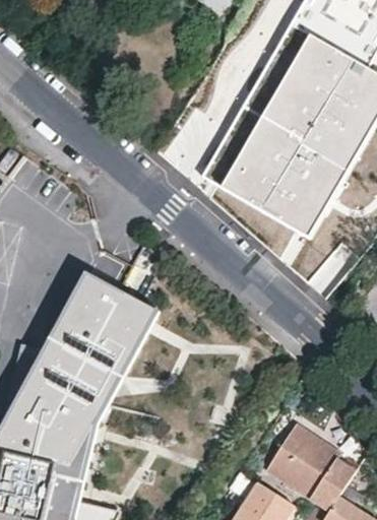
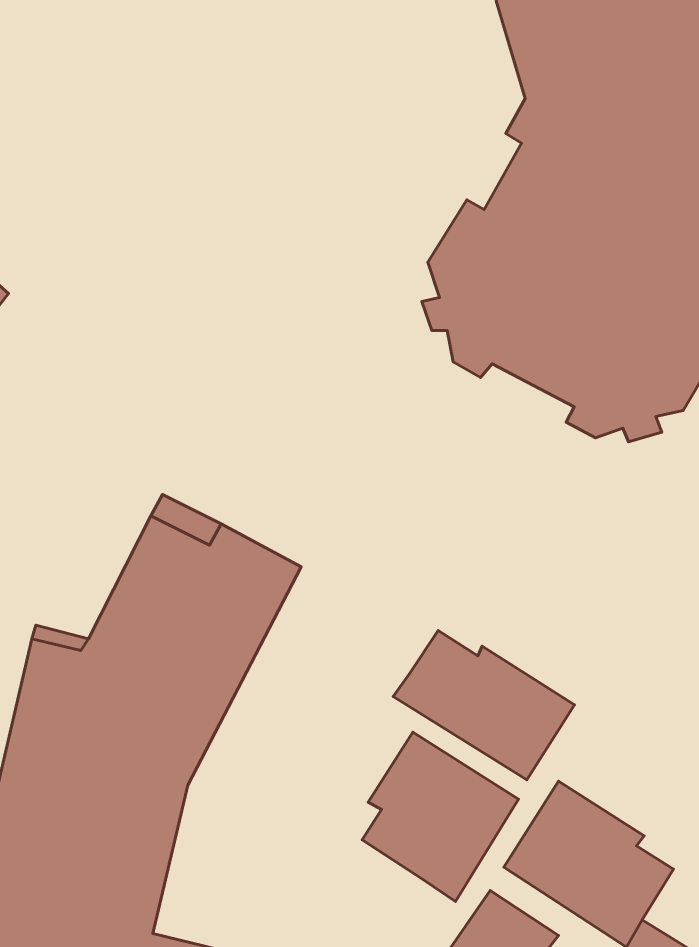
building: none -> [393,631,575,780]
building: none -> [362,732,518,901]

